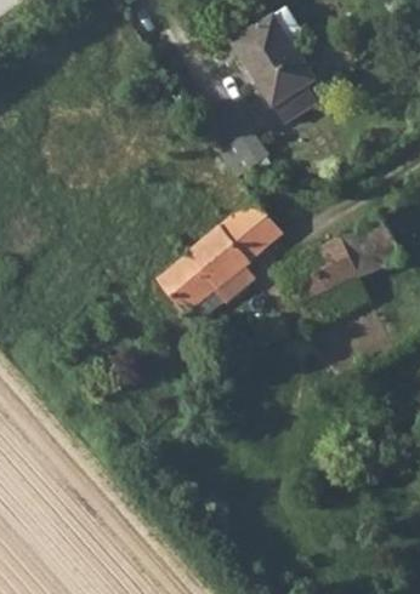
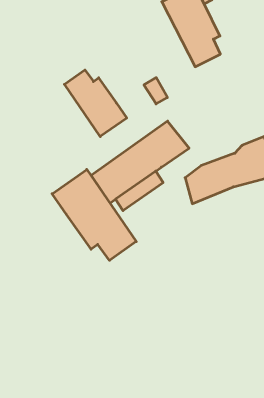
building: none -> [64,70,127,137]
building: none -> [52,169,136,260]

